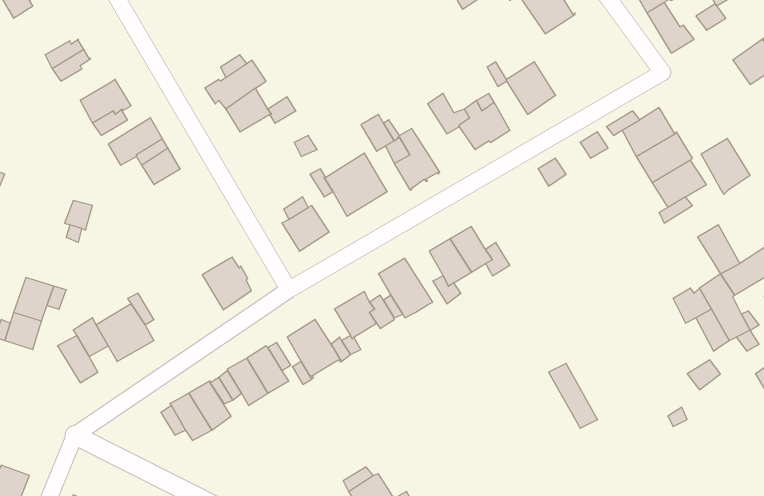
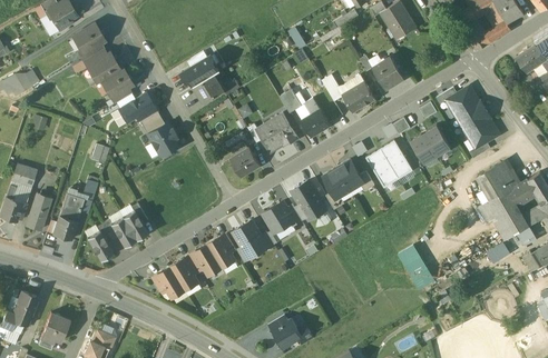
building: none -> [72,23,105,52]
building: none -> [89,52,120,83]
building: [701,138,750,194] -> [477,168,508,203]
building: none -> [410,125,450,163]
building: none -> [364,139,412,187]
building: [202,257,251,310] -> [148,123,179,157]

